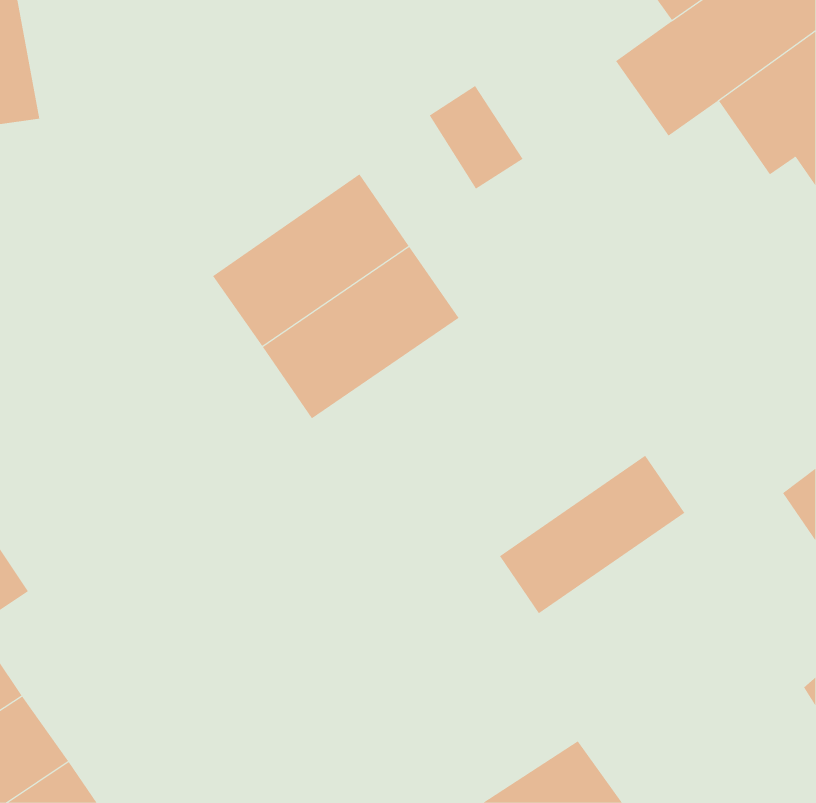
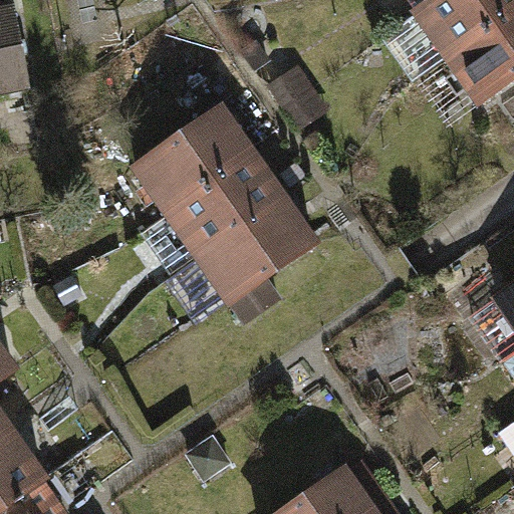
building: none -> [195,199,318,330]
building: [499,455,685,614] -> none

